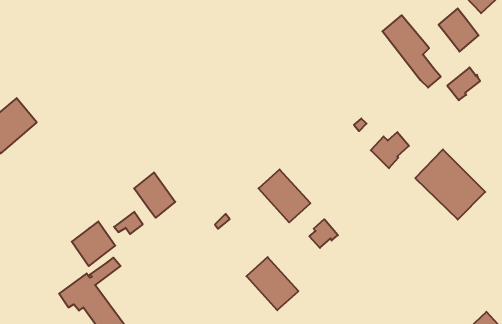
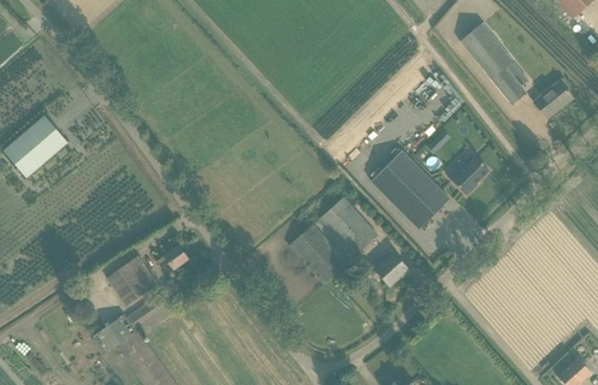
building: [439,8,479,52] -> none
building: [415,149,485,220] -> [371,149,450,229]
building: [134,172,175,218] -> none
building: [246,257,298,310] -> [288,224,347,284]

